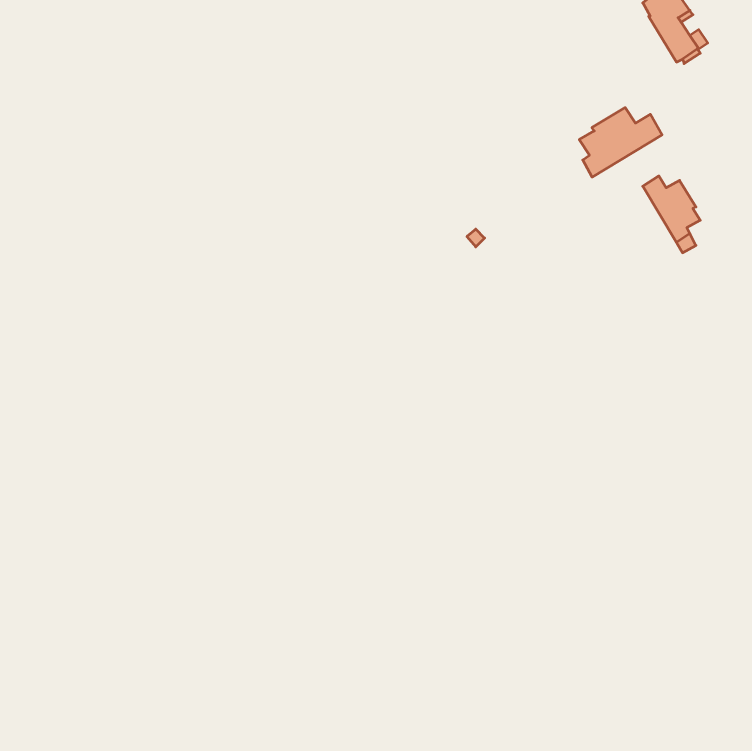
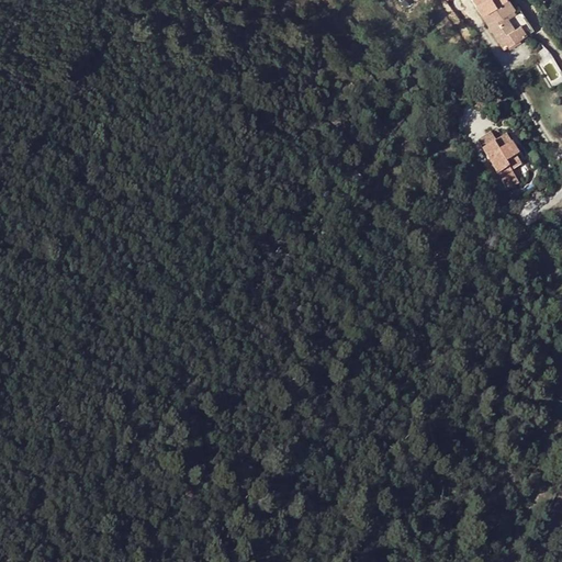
building: [579,108,662,177] -> none

